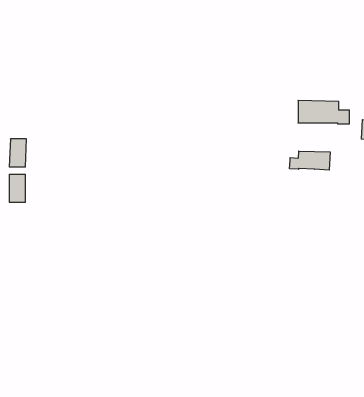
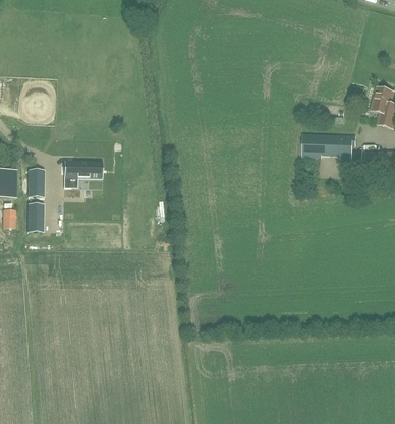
building: none -> [66,159,100,176]
building: [290,151,330,170] -> none

